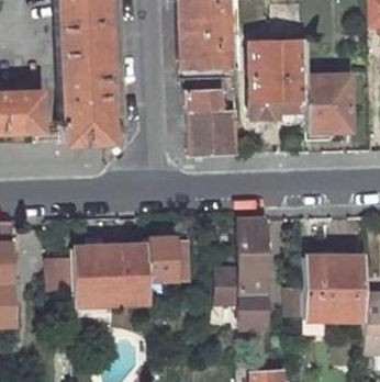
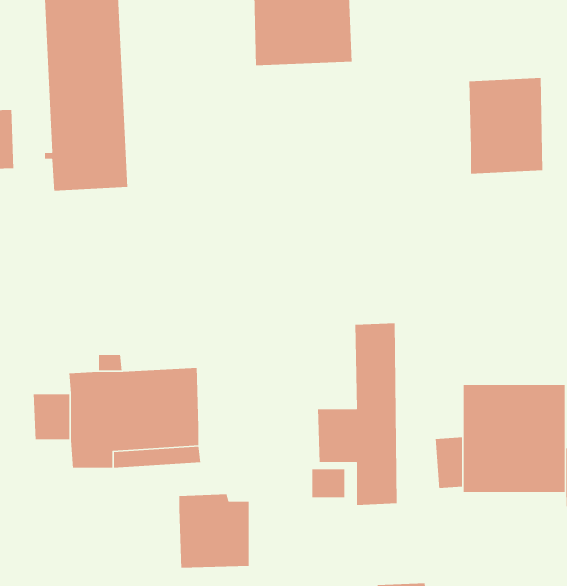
building: [249,43,308,126] -> none
building: [188,89,238,157] -> none
building: [147,237,189,281] -> [179,493,250,568]

